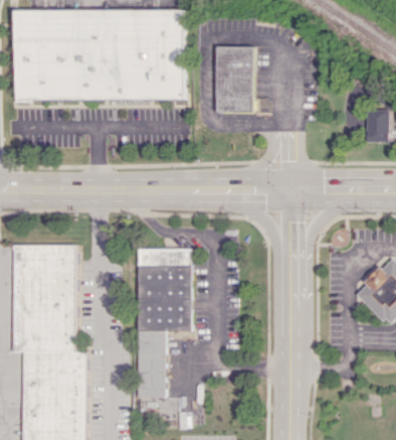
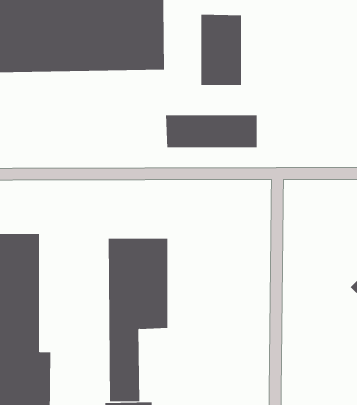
building: none -> [166,114,257,148]

